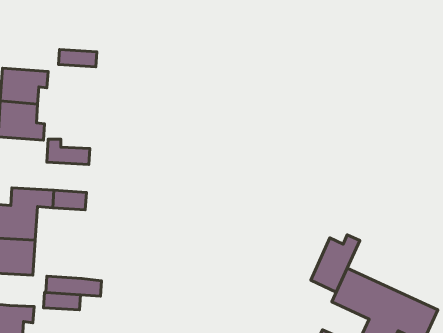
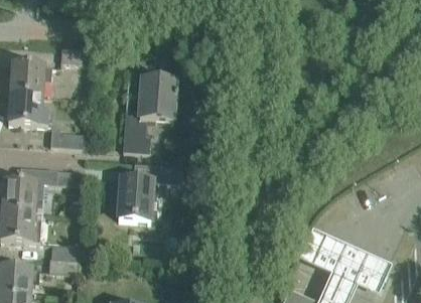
building: none -> [121,79,175,155]
building: none -> [117,163,181,220]
building: [311,235,360,292] -> none

